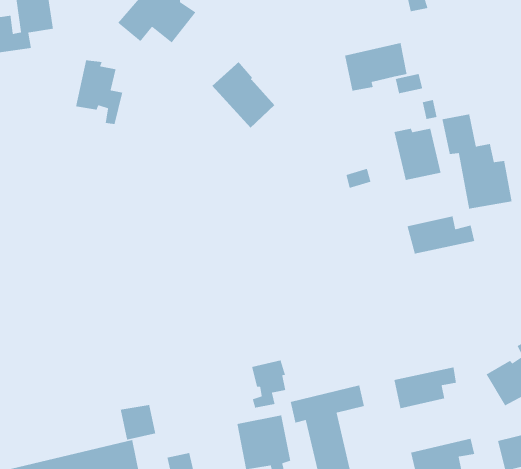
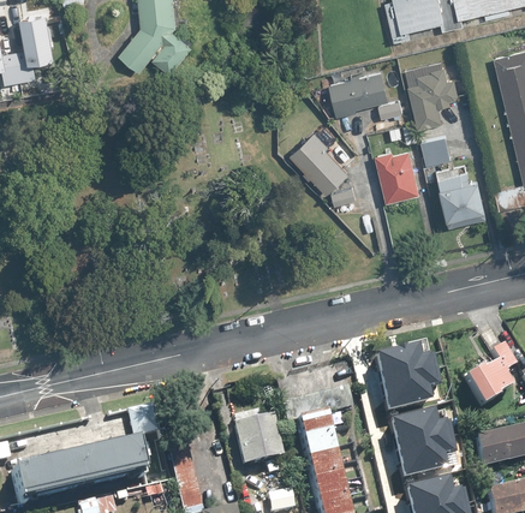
building: none -> [404,61,458,129]
building: [75,60,123,125] -> none
building: [212,61,275,129] -> [290,131,348,193]
building: [406,216,475,254] -> [368,347,431,383]
building: [251,360,286,409] -> none
building: none -> [383,413,447,451]

